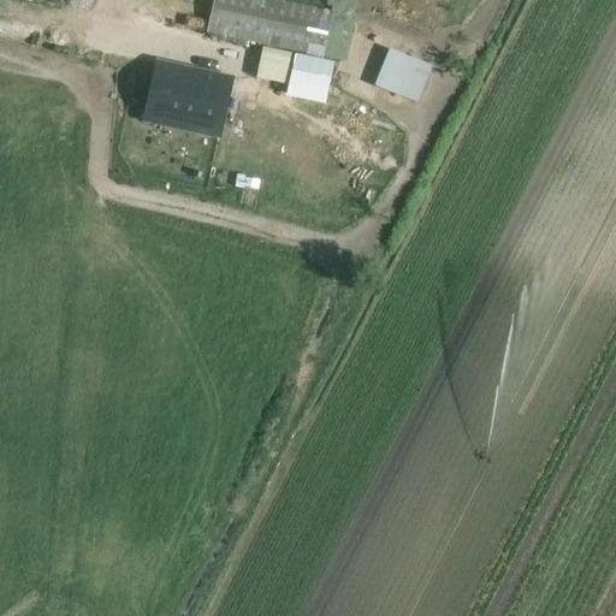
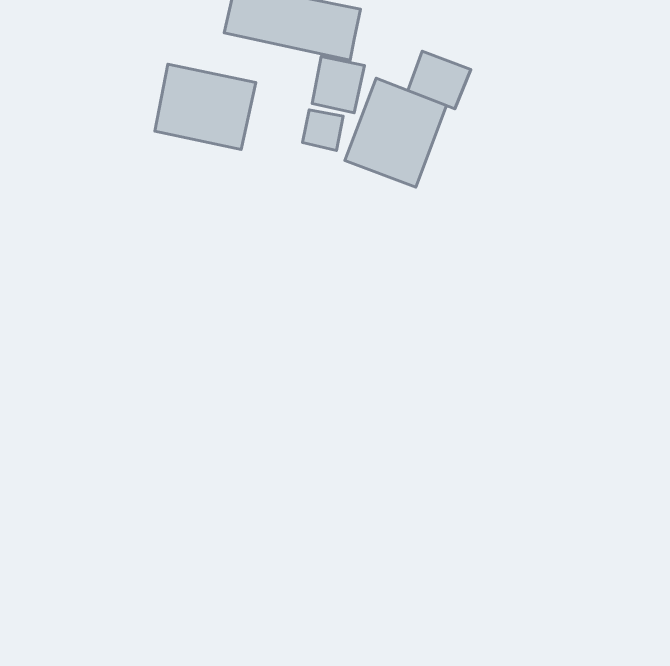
building: [256,45,294,82] -> [302,110,343,150]
building: none -> [345,78,446,187]

